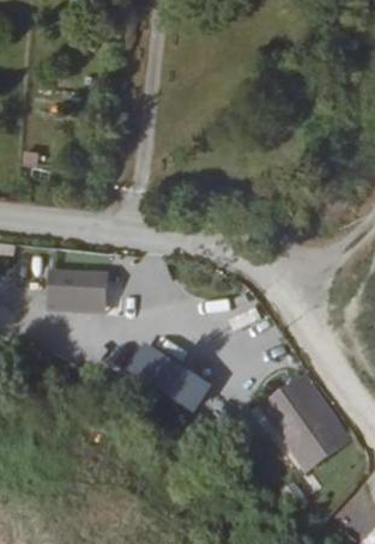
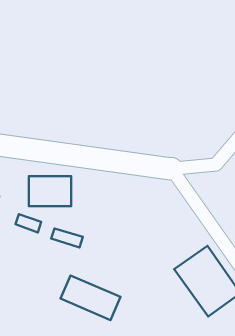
building: [125,345,211,410] -> [61,275,120,320]

